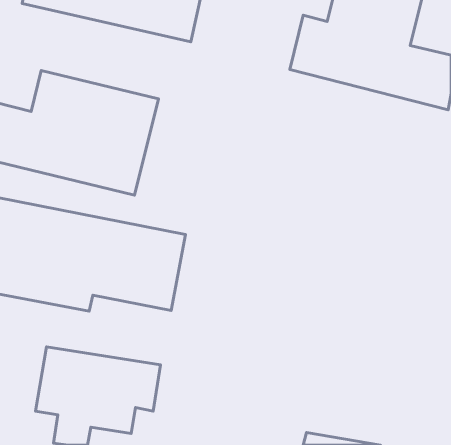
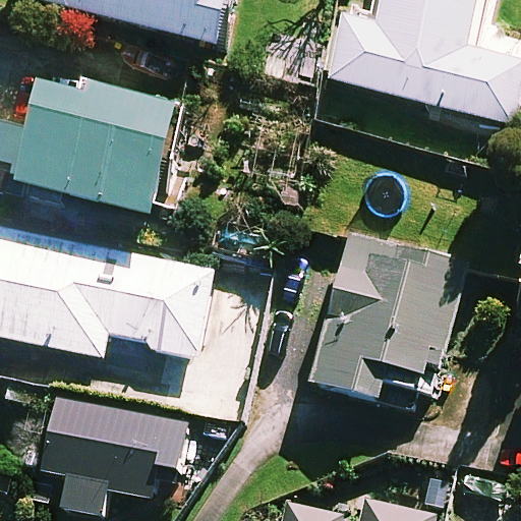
building: none -> [312,231,466,406]

